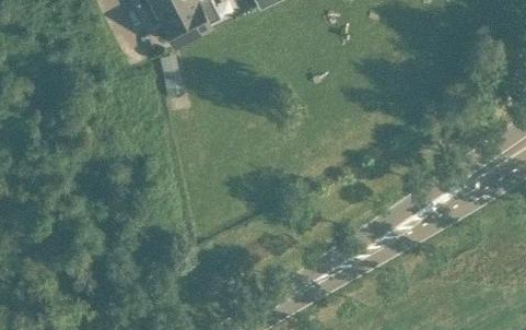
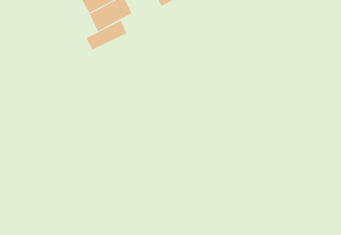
building: none -> [84,20,127,54]

